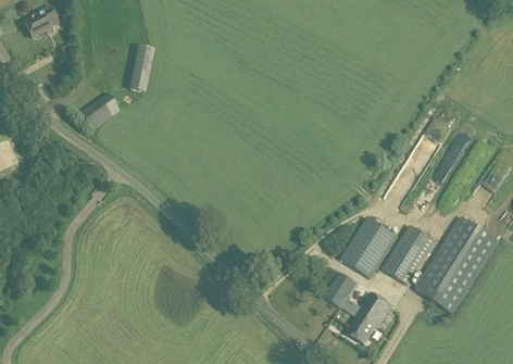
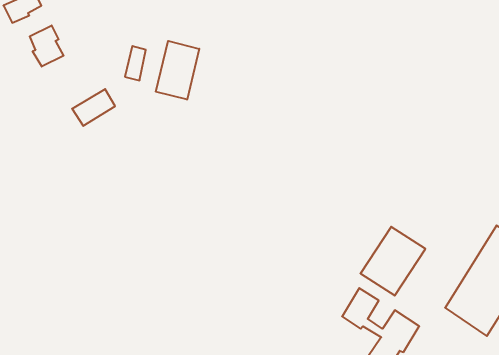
building: none -> [30,25,64,67]
building: none -> [156,41,199,100]
building: [381,225,434,284] -> none

